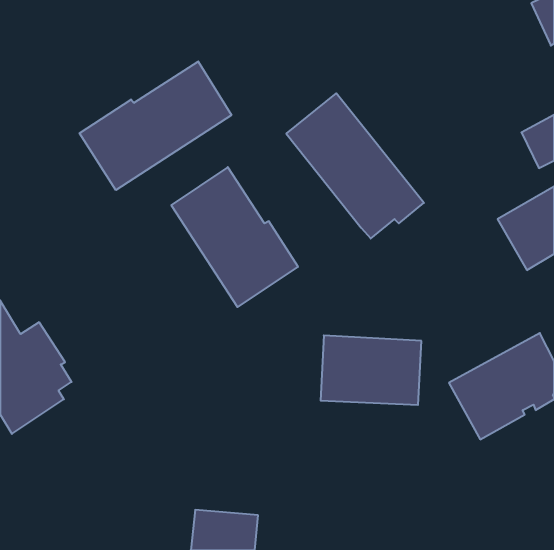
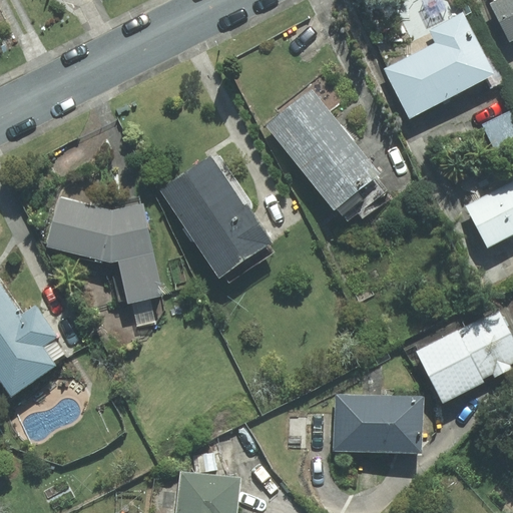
building: none -> [386,10,496,119]
building: [80,61,231,190] -> none
building: none -> [47,193,161,304]
building: [321,335,421,405] -> [332,392,425,456]

